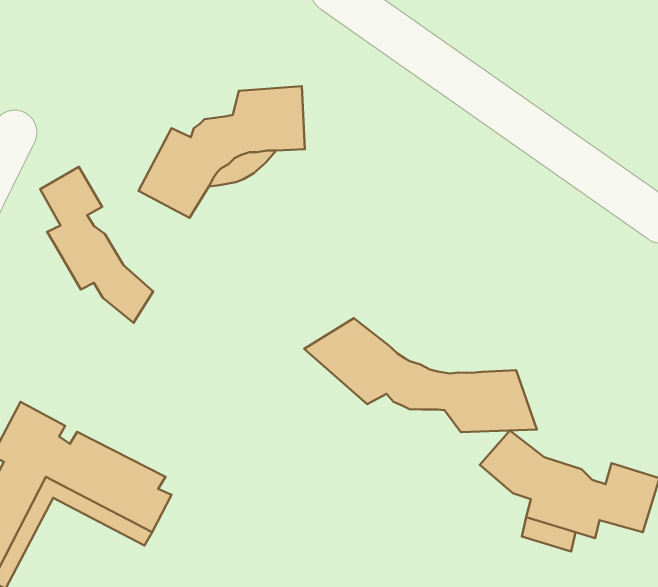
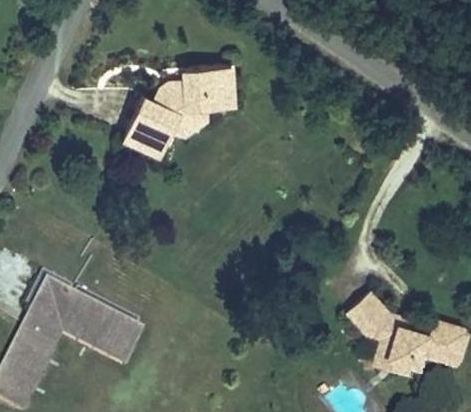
building: [40,167,153,323] -> none
building: [304,318,537,432] -> none

